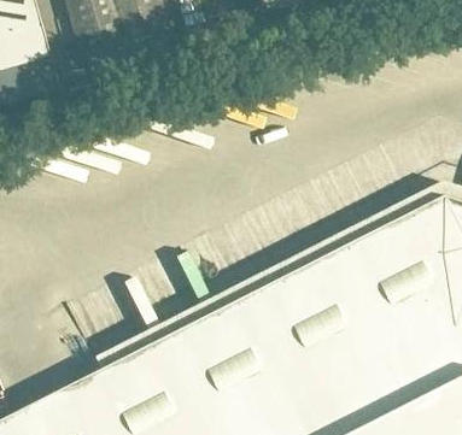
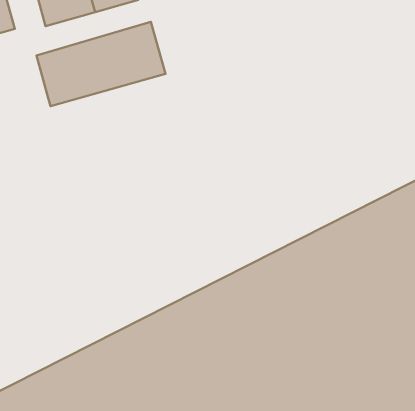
building: none -> [37,22,165,106]

